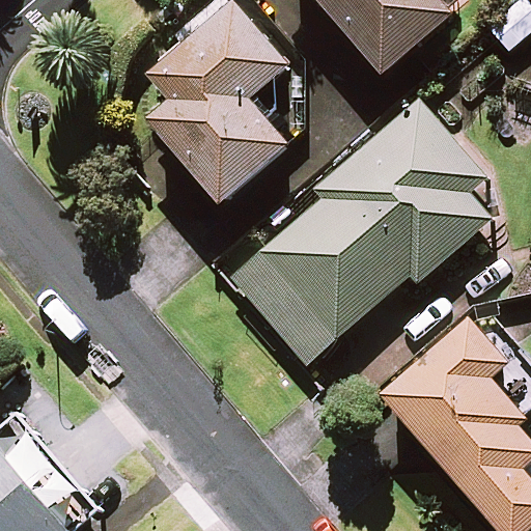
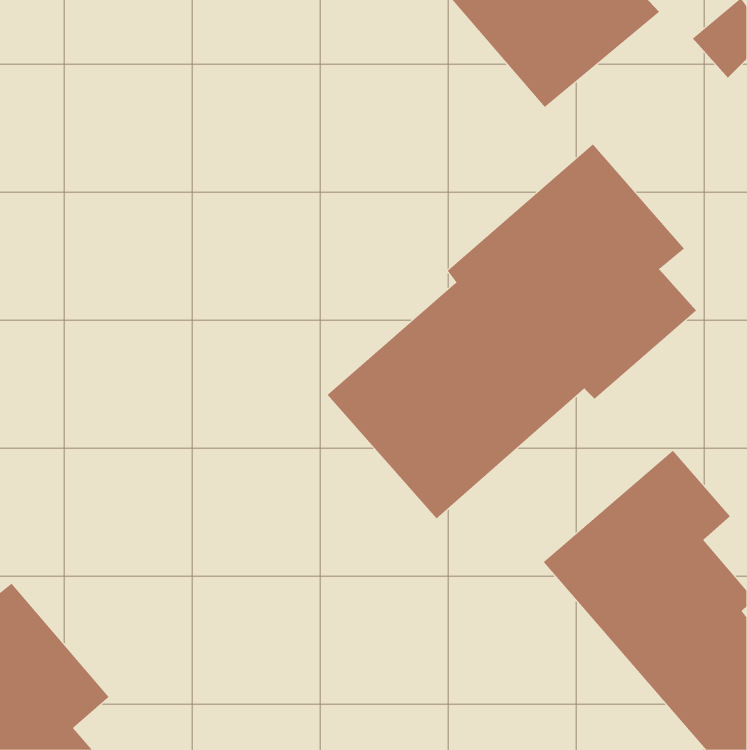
building: [149,4,289,206] -> none

